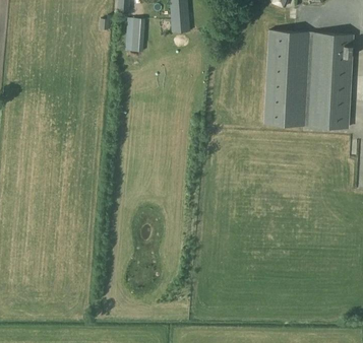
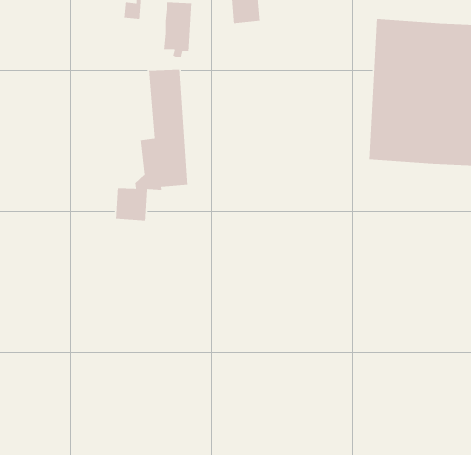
building: none -> [115,69,188,222]

